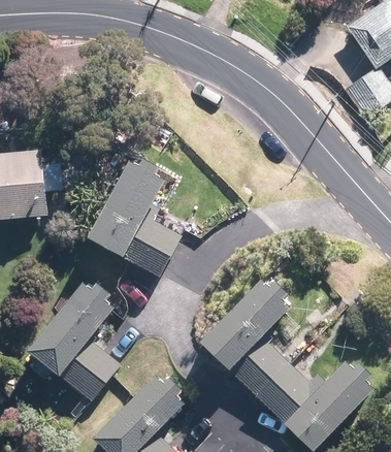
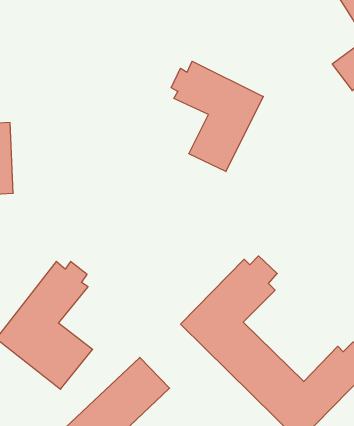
building: none -> [171,61,263,172]
building: [90,155,178,277] -> none

